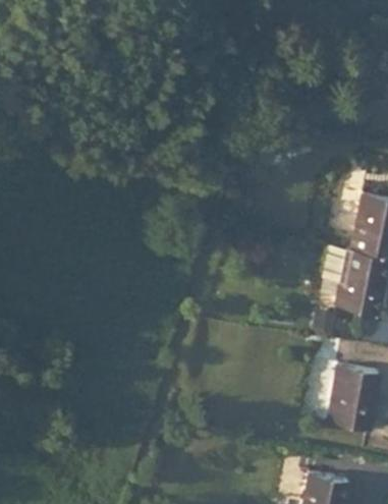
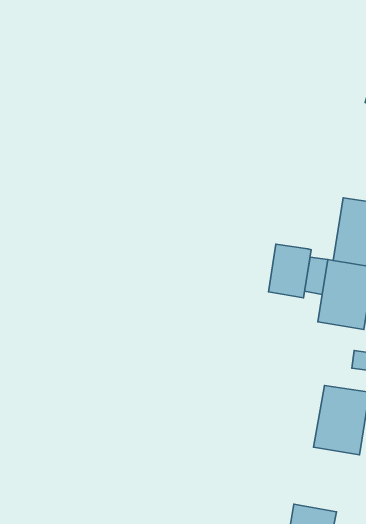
building: none -> [268,244,311,298]

